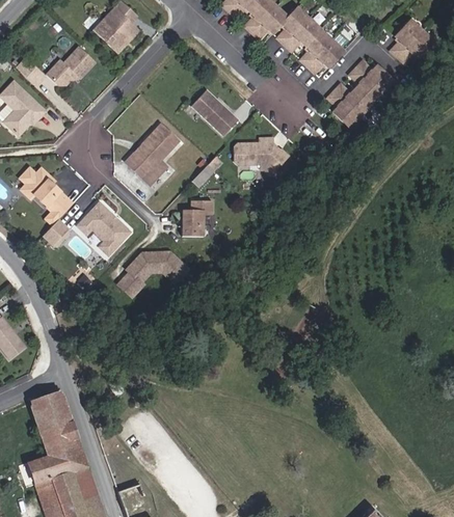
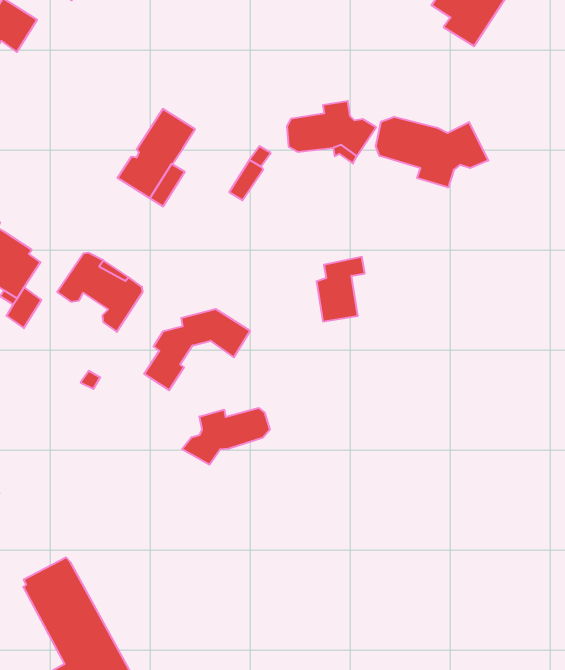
building: [191,90,238,138] -> none
building: none -> [376,117,488,188]
building: [183,200,213,236] -> [316,257,365,321]
building: none -> [182,408,270,465]

